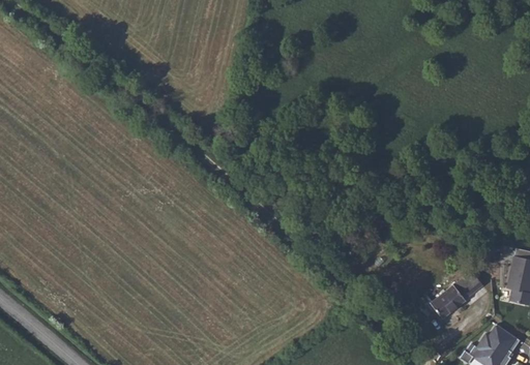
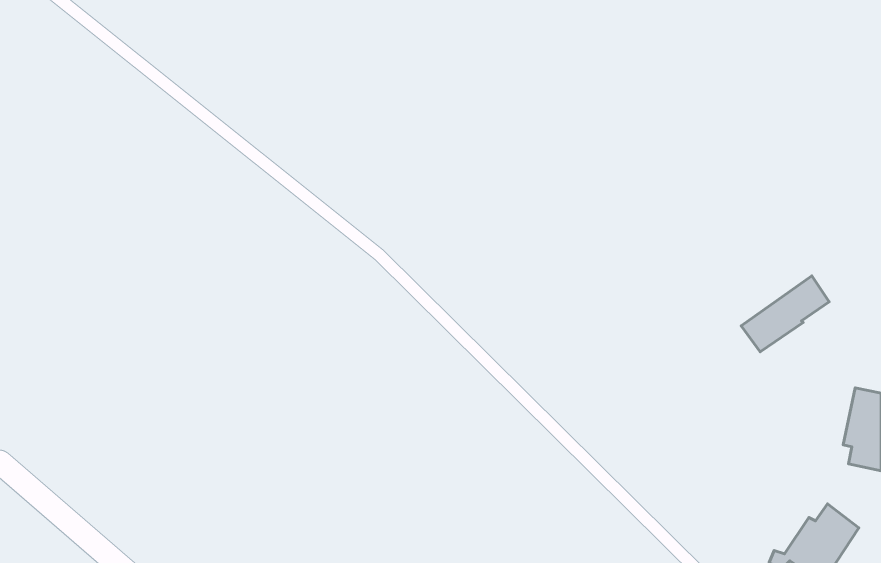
building: [431,273,483,318] -> [741,276,829,352]

